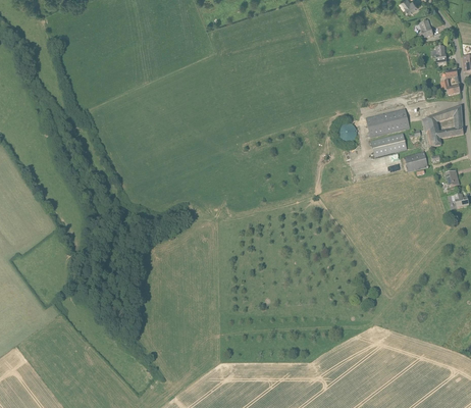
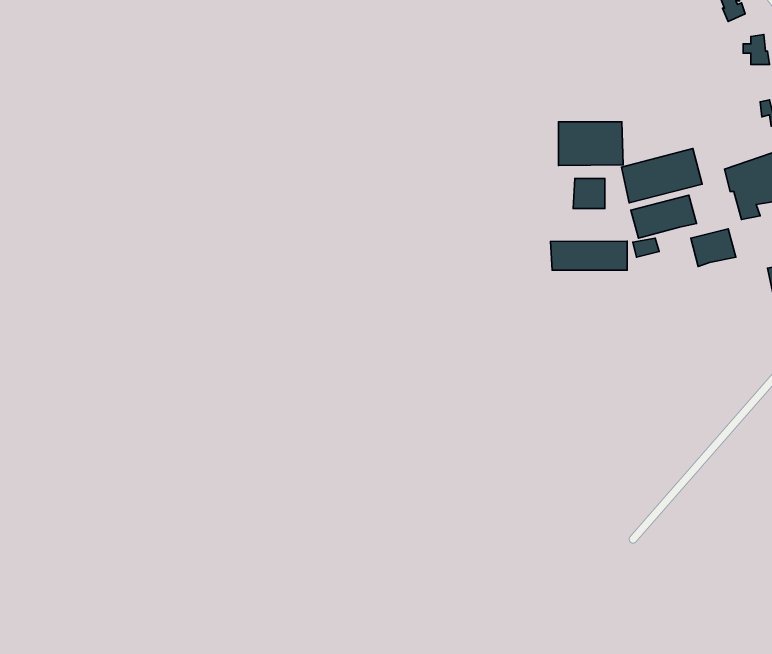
building: none -> [559,122,623,165]
building: none -> [550,241,627,270]

